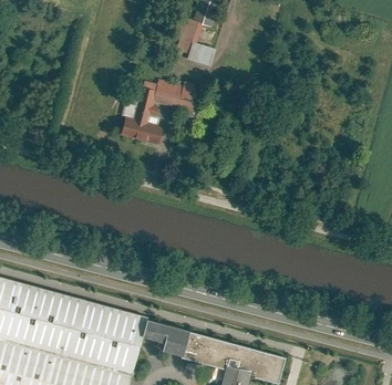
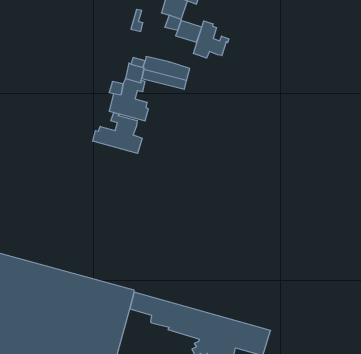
building: none -> [193,21,229,58]
building: none -> [93,112,142,153]

